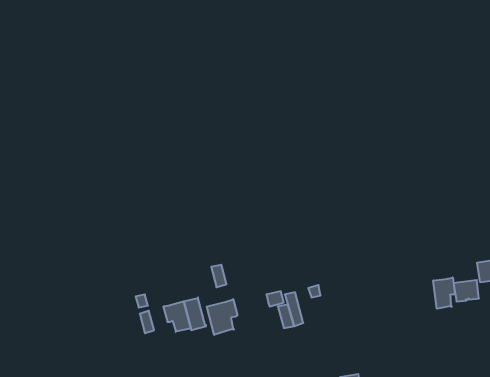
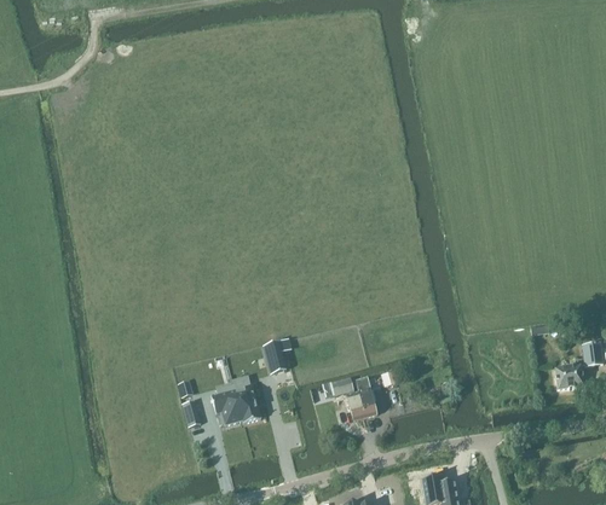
building: [433,277,455,309] -> none
building: [207,299,237,335] -> none

